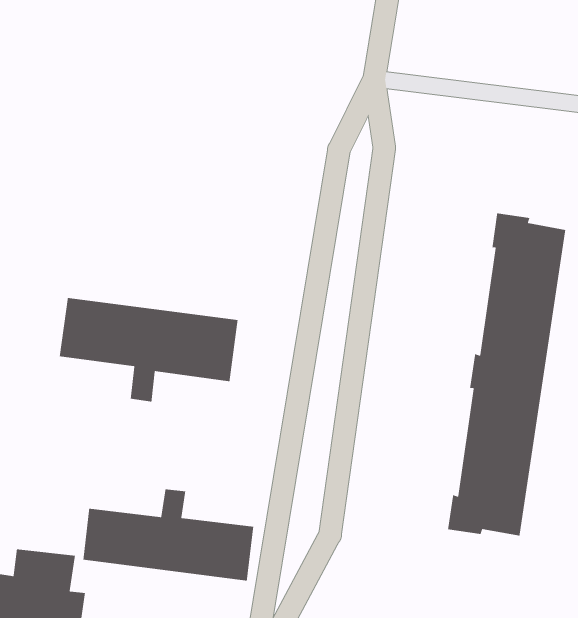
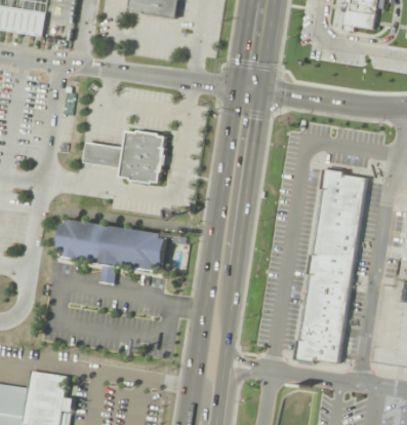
building: none -> [84,129,167,184]
building: [83,488,254,581] -> none

